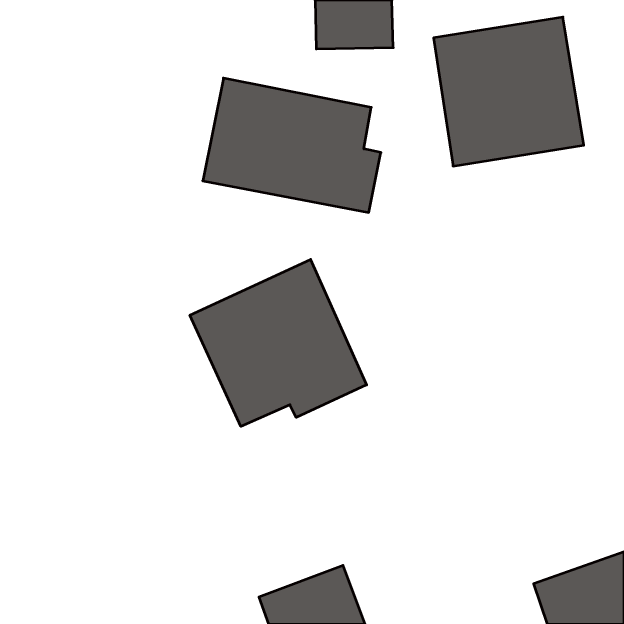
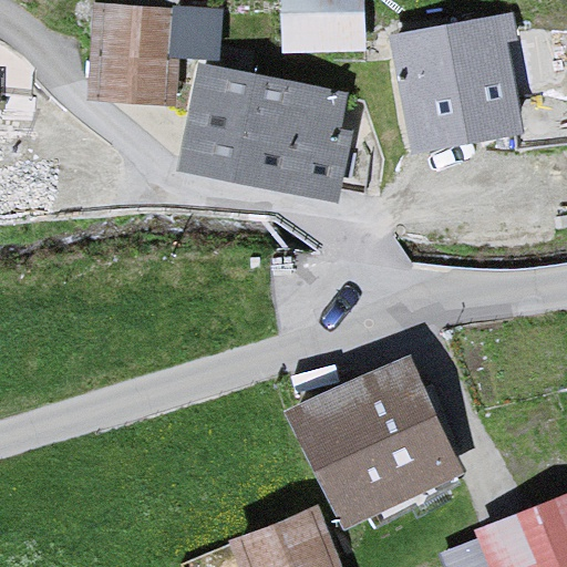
building: none -> [93,11,212,100]
building: [190,259,367,426] -> none
building: none -> [296,365,452,519]

